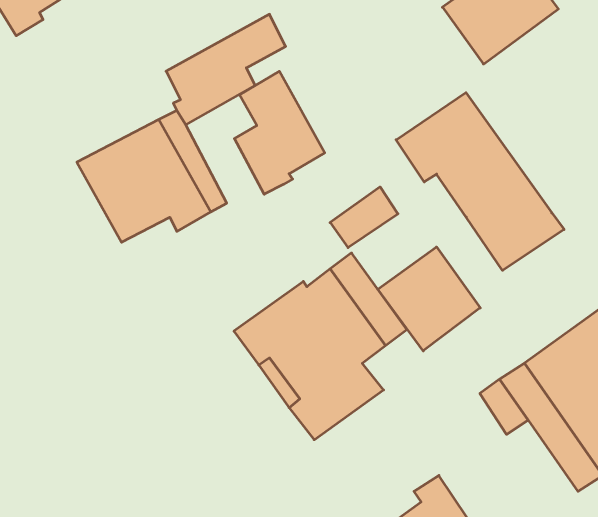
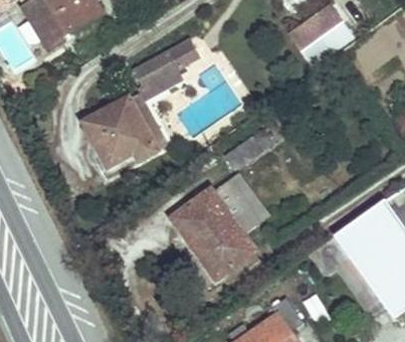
building: [234,71,325,194] -> none
building: [396,93,564,270] -> none
building: [378,247,480,351] -> none

